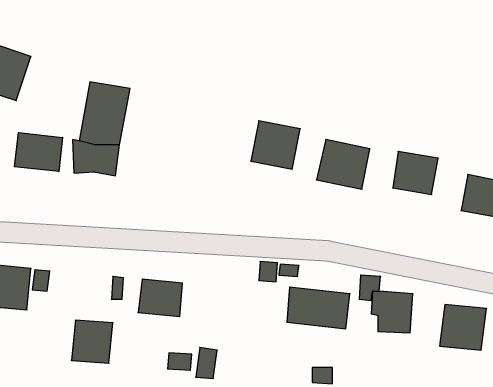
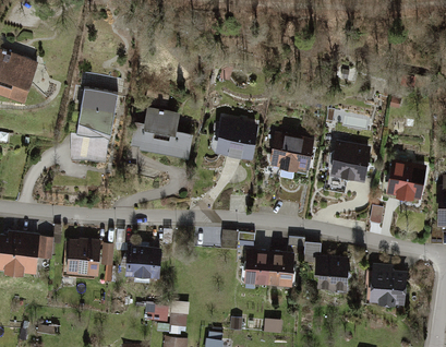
building: none -> [140,106,189,156]
building: [15,133,63,172] -> none
building: [71,320,113,363] -> [65,239,99,274]

